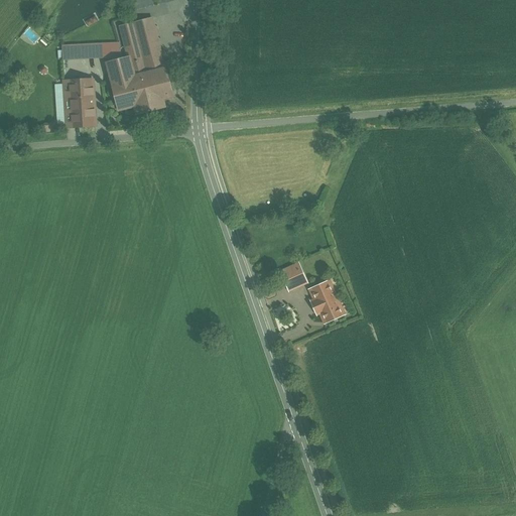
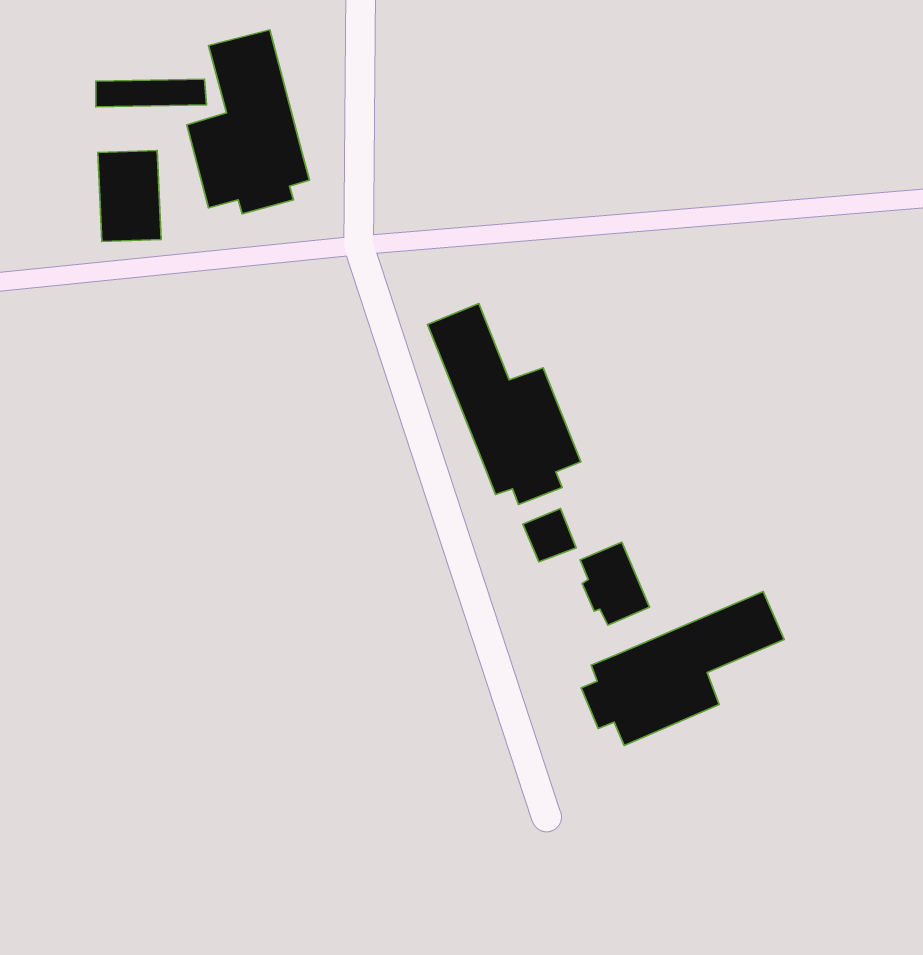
building: none -> [427,304,581,505]
building: none -> [581,592,784,745]

